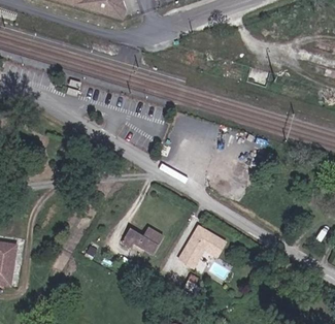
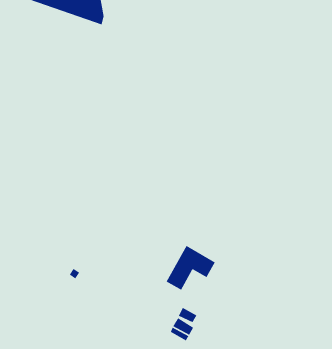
building: [120,228,162,255] -> none

